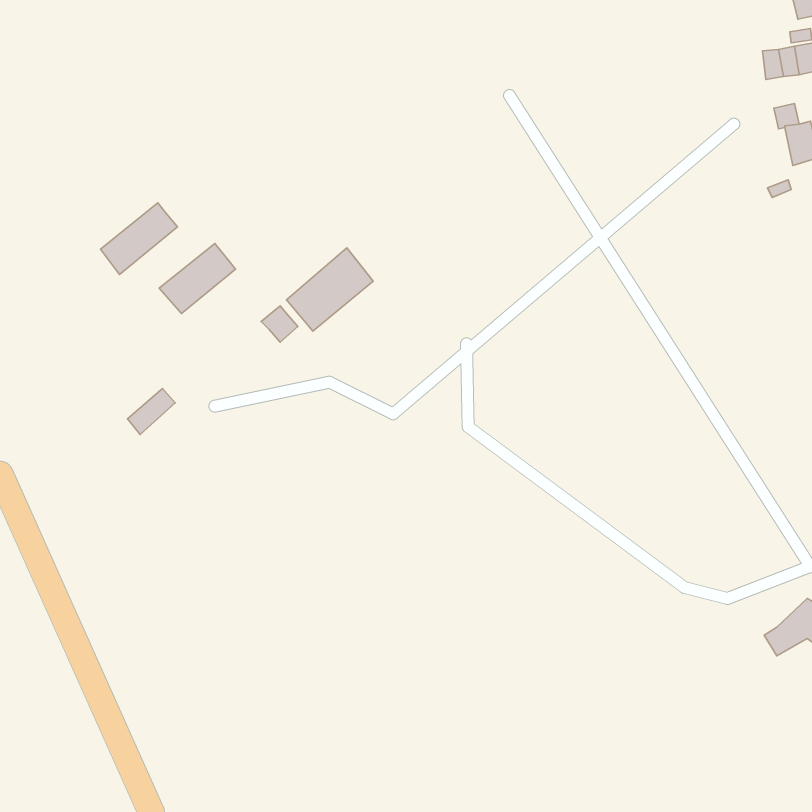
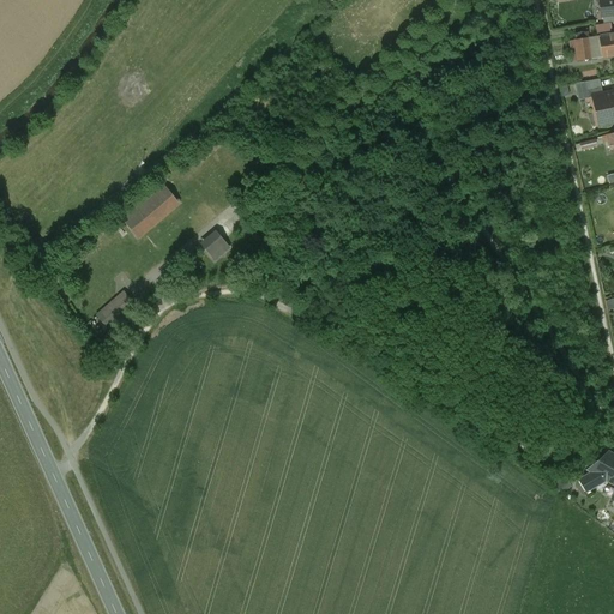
building: [101,203,177,275] -> none
building: [286,248,373,331] -> none

